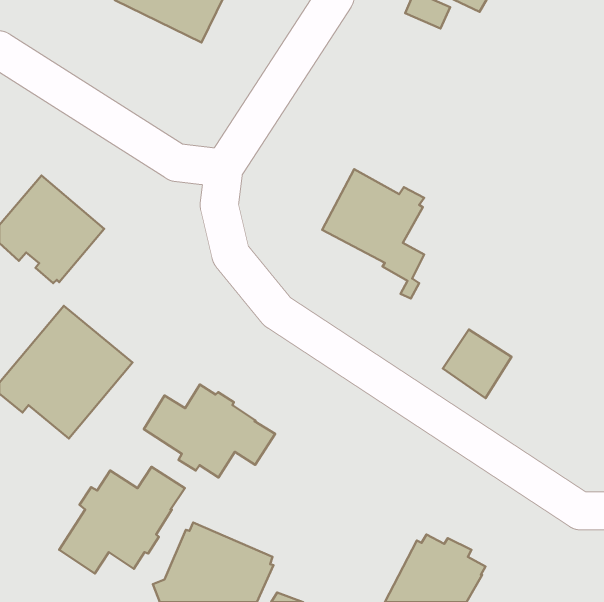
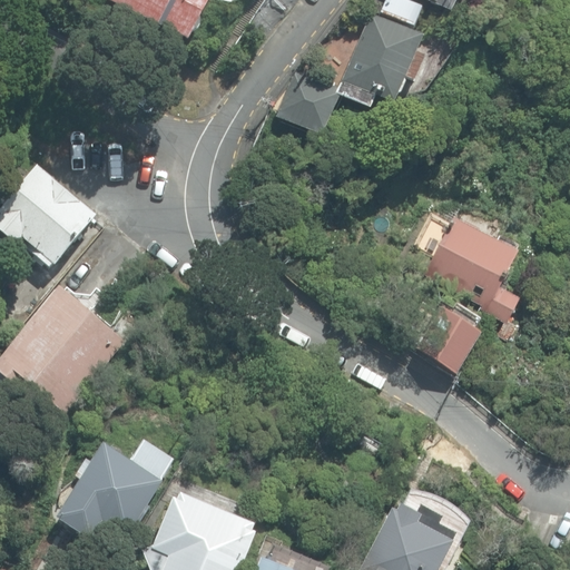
building: none -> [274,11,425,135]
building: [322,169,424,298] -> [423,217,519,338]
building: [144,385,275,478] -> none

